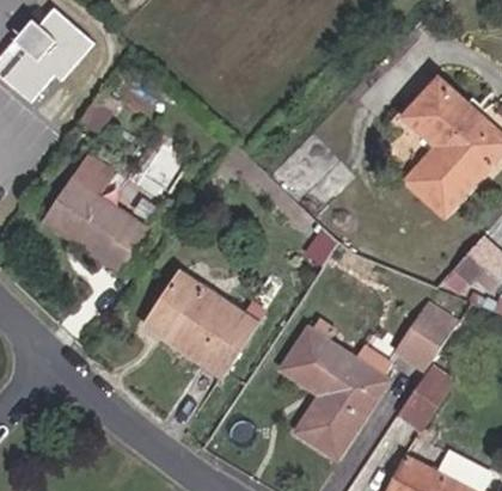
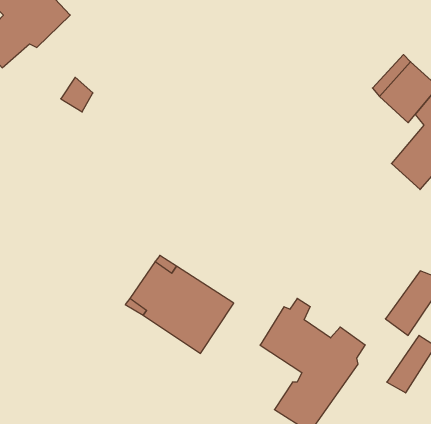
building: [45,158,151,275] -> none

